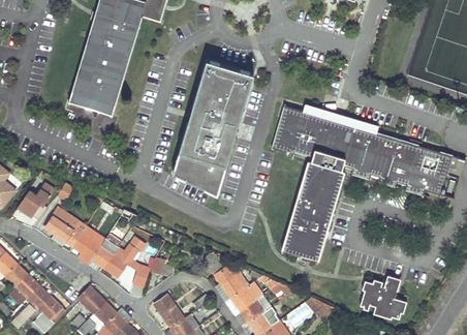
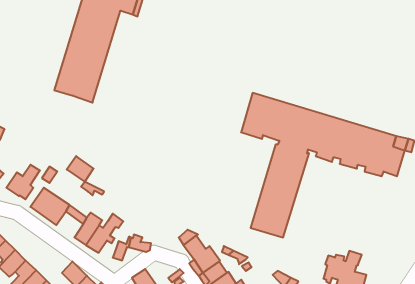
building: [173,60,253,188] -> none
building: [72,233,101,261] -> [67,156,94,182]

